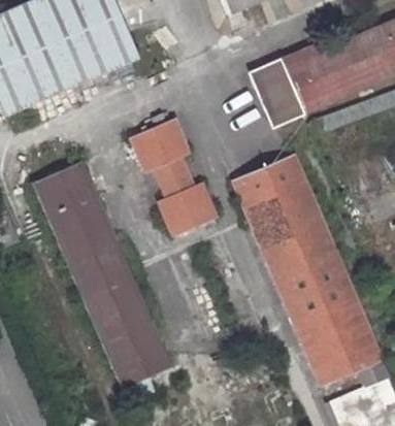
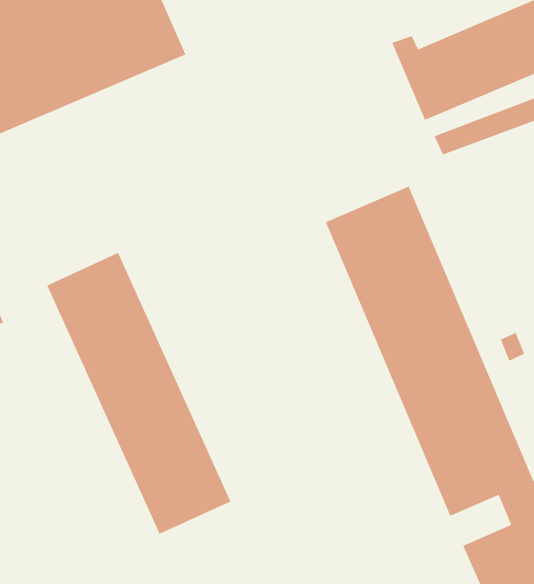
building: [243,54,304,125] -> none
building: [133,125,218,237] -> none
building: [32,163,95,220] -> none

